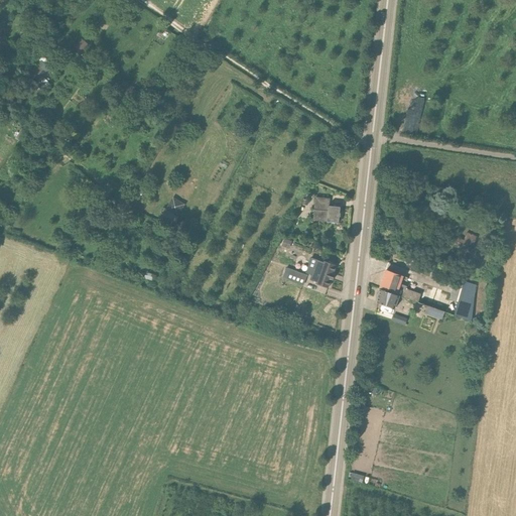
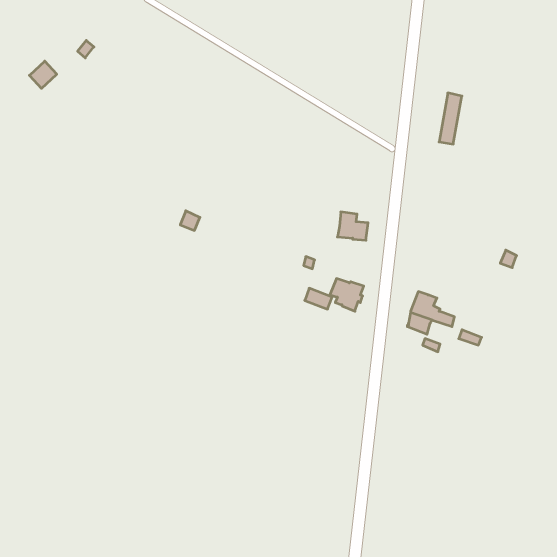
building: [453,282,475,320] -> none

